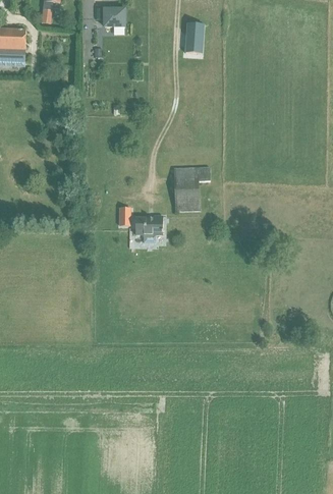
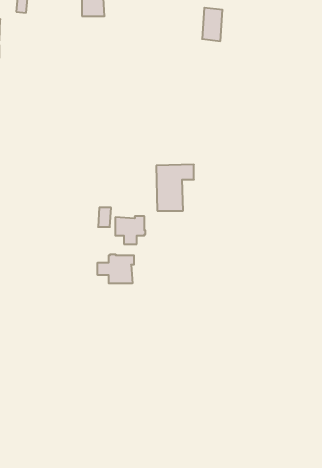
building: [185,21,205,53] -> [202,8,223,41]
building: none -> [98,254,134,283]

